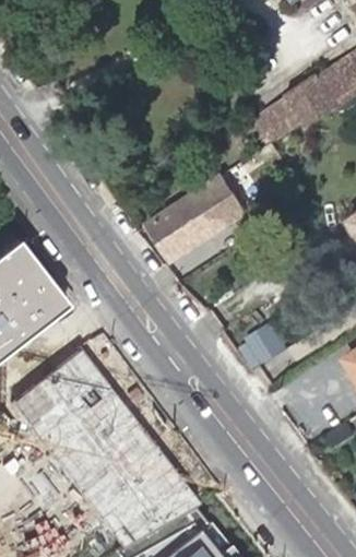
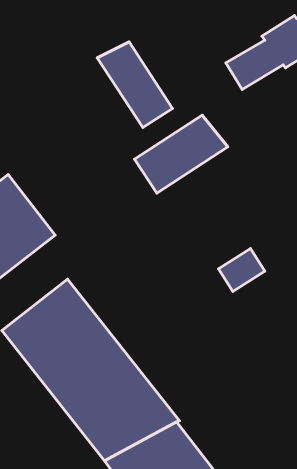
building: none -> [97,42,173,127]

